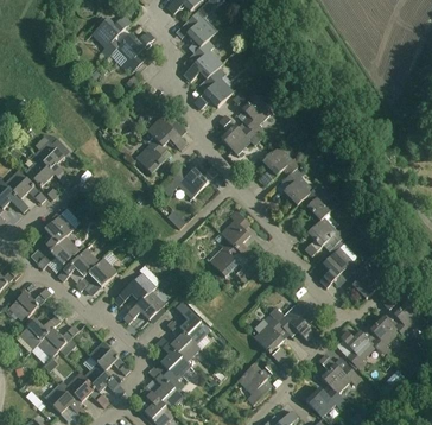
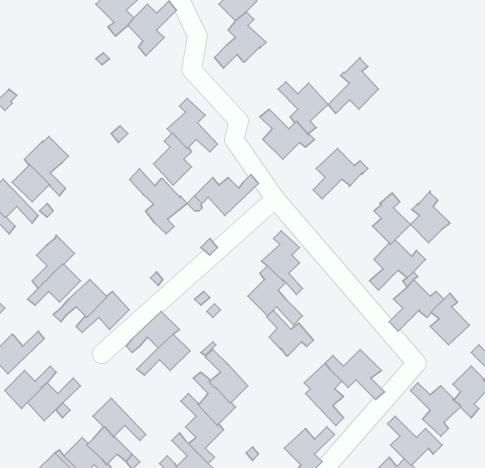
building: [193,66,233,110] -> [328,57,378,114]
building: none -> [130,169,187,234]
building: [282,165,313,205] -> [410,191,450,243]
building: none -> [267,310,313,356]

